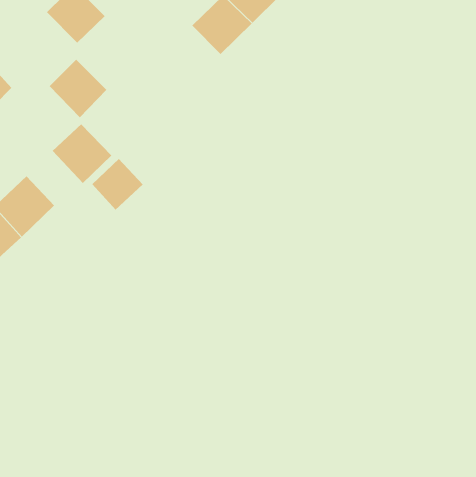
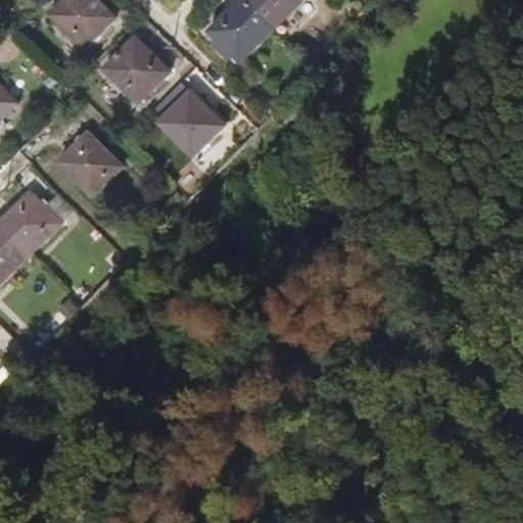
building: [49,59,107,118] -> [104,38,168,102]
building: none -> [157,91,222,155]
building: [92,158,144,210] -> none

